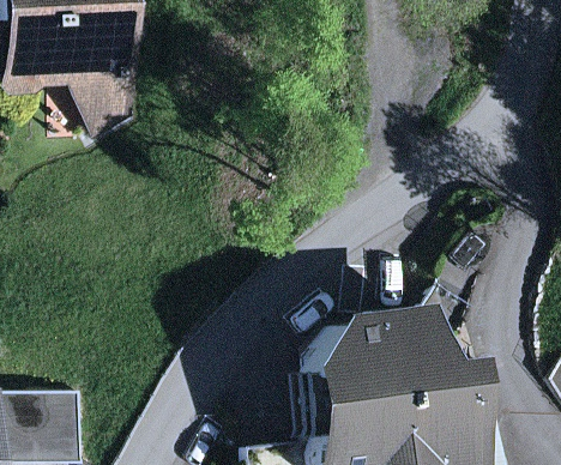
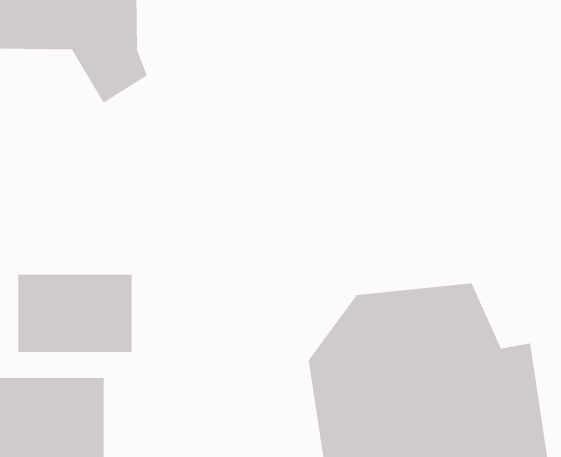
building: none -> [18,274,132,353]

